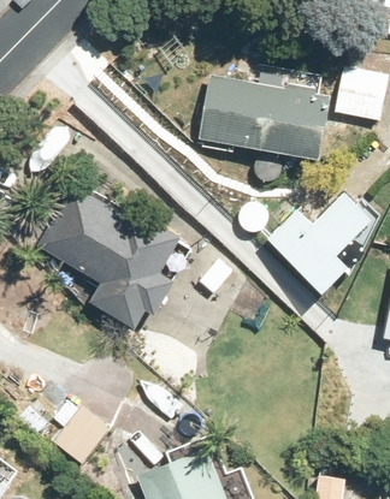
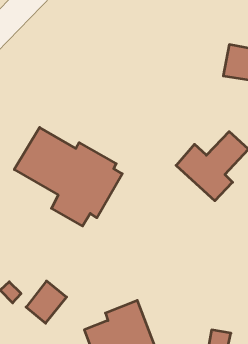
building: [197,77,330,158] -> none

